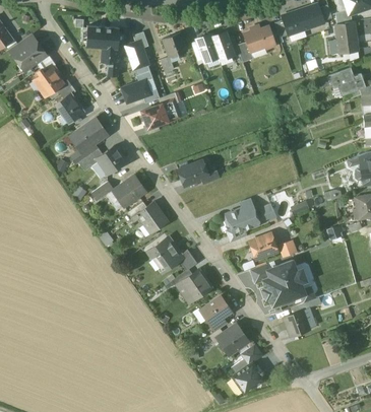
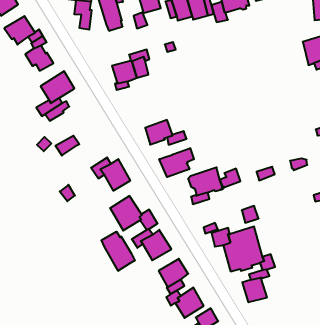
building: [121,71,152,104] -> none
building: [96,145,125,174] -> none
building: [112,176,146,206] -> none
building: none -> [159,148,194,177]
building: [248,232,276,257] -> none
building: none -> [101,232,135,271]

